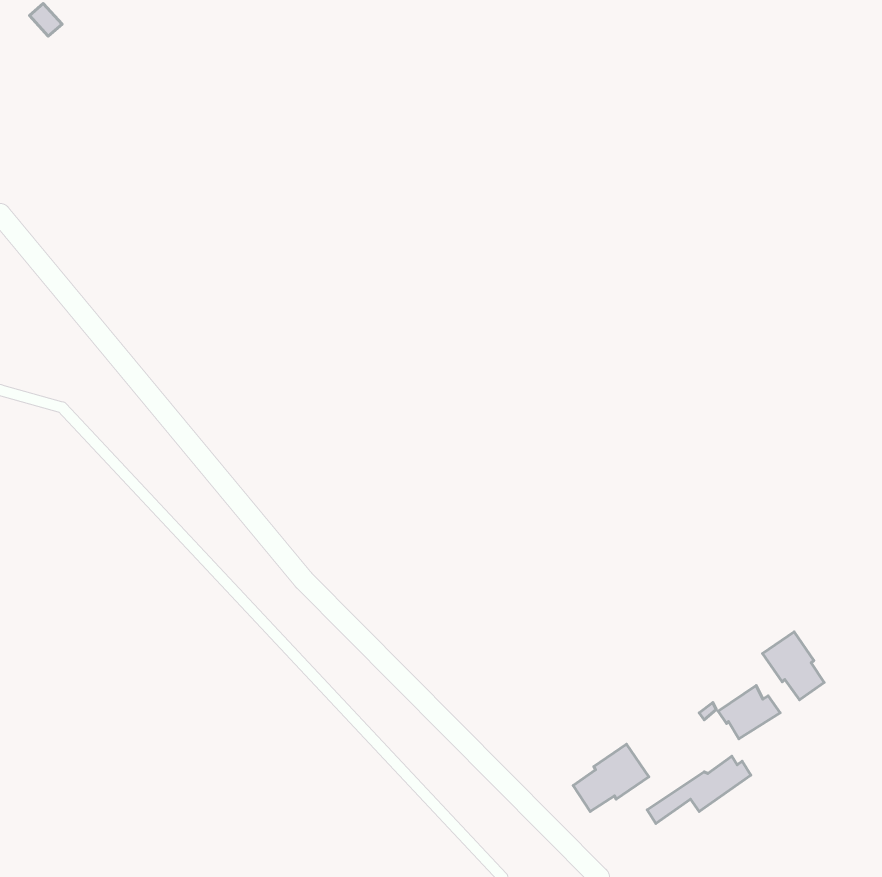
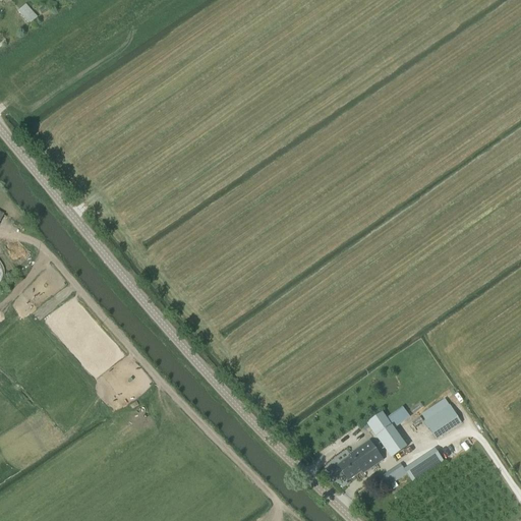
building: [763,632,824,700] -> none
building: none -> [372,415,406,454]

